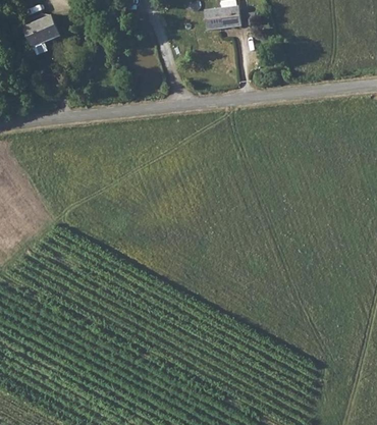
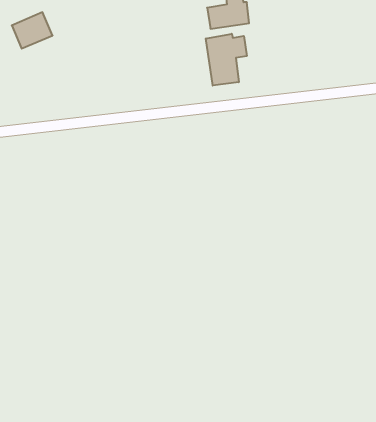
building: none -> [206,34,247,86]

